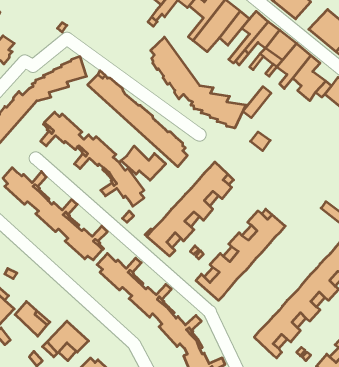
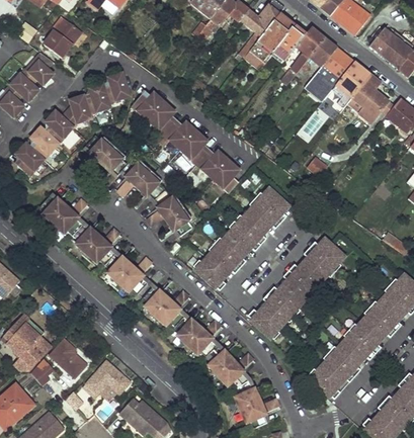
building: none -> [40,18,80,58]
building: [151,37,246,128] -> none
building: [121,146,166,180] -> none

